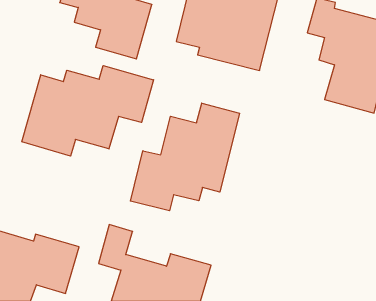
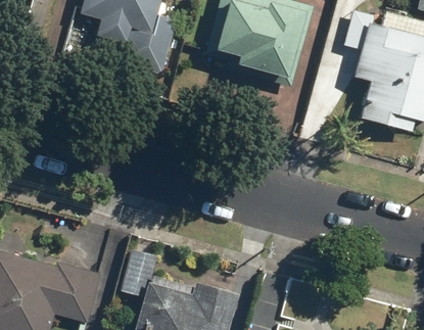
building: [22,66,154,156] -> none
building: [130,103,240,211] -> none

